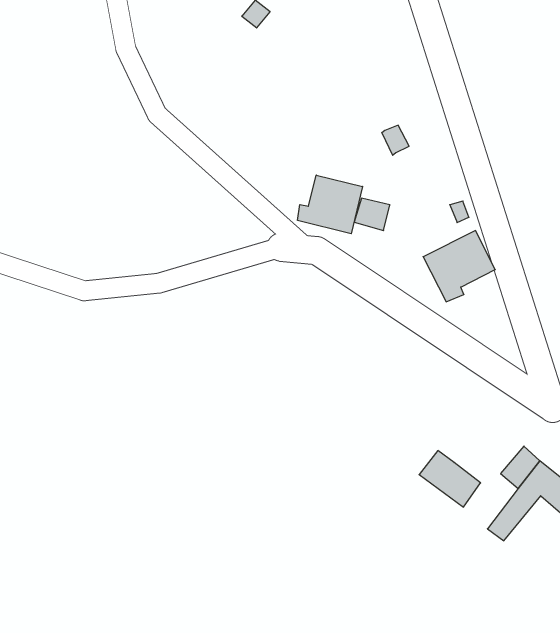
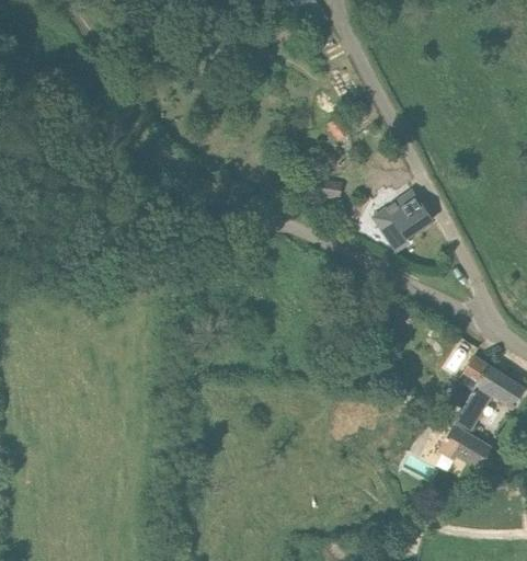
building: [298,175,363,234] -> none
building: [419,451,481,507] -> [440,424,490,466]

